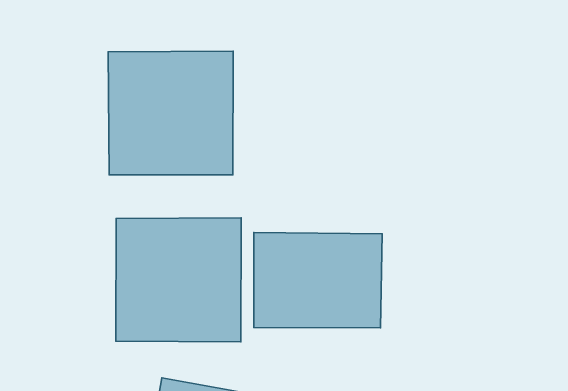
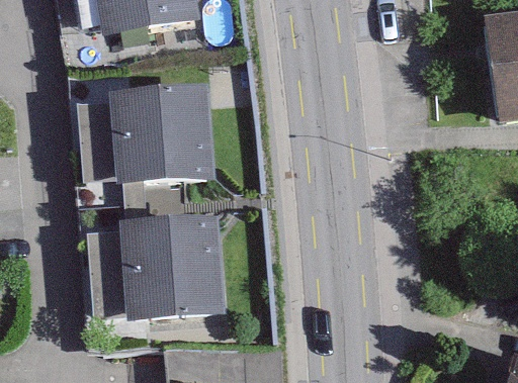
building: [254,233,382,328] -> none

